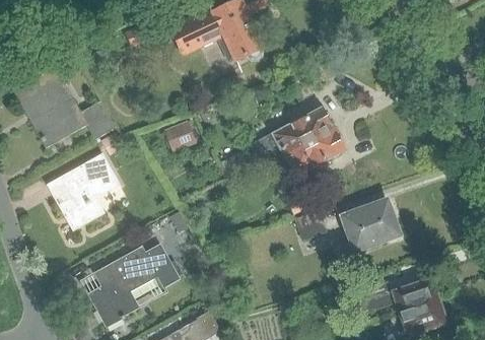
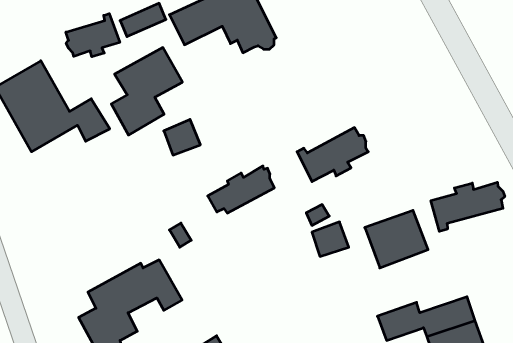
building: none -> [66,14,120,57]
building: [272,108,331,149] -> [208,166,274,213]
building: [57,153,120,230] -> [111,48,182,135]
building: none -> [431,182,505,231]

